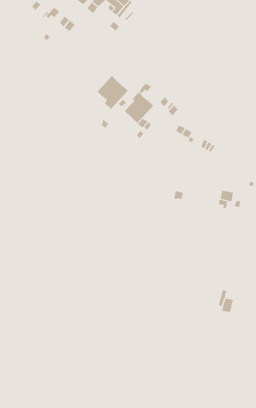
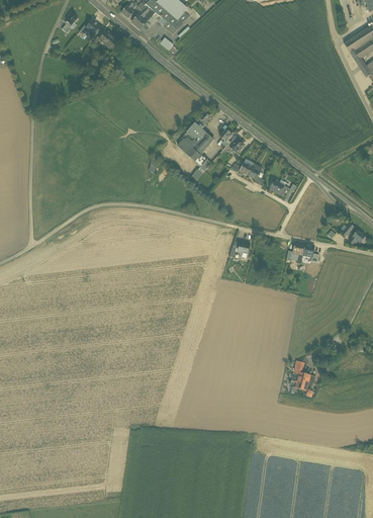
building: [97,75,129,110] -> none

